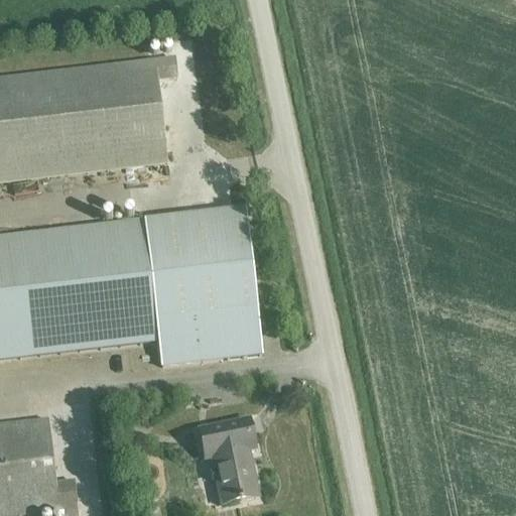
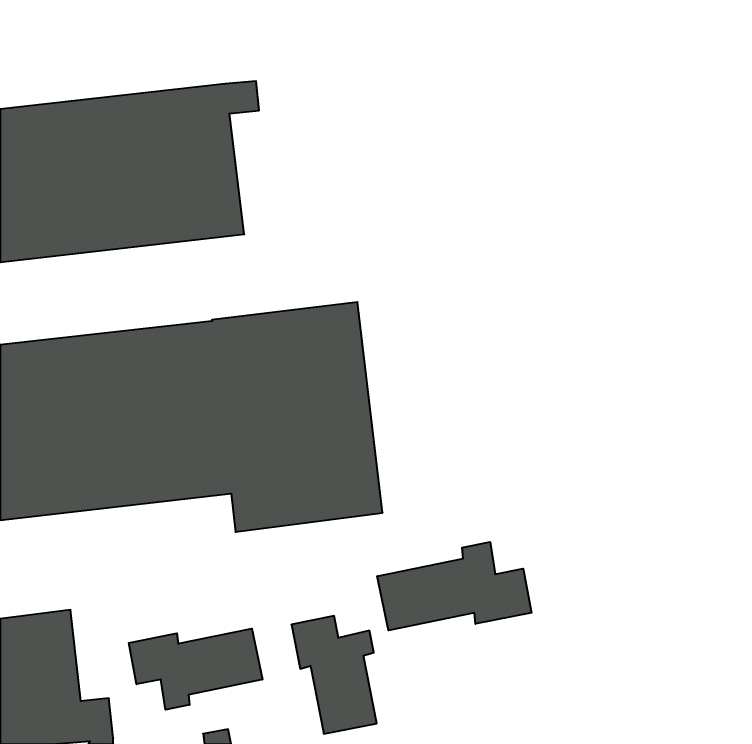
building: none -> [377,542,532,630]
building: none -> [129,629,262,710]

